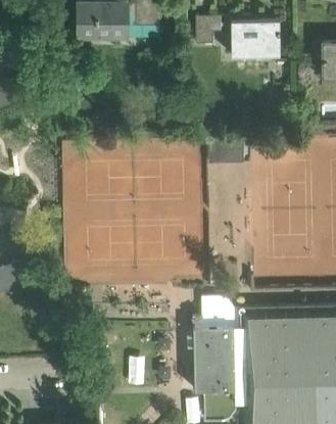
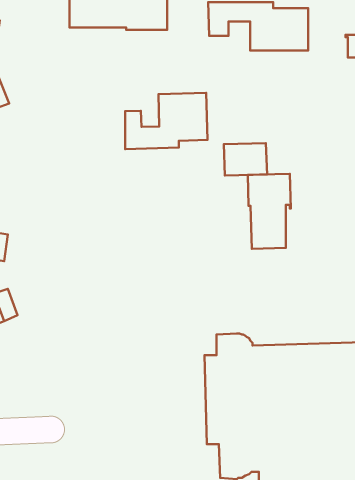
building: none -> [125,93,208,149]
building: none -> [248,174,291,249]

